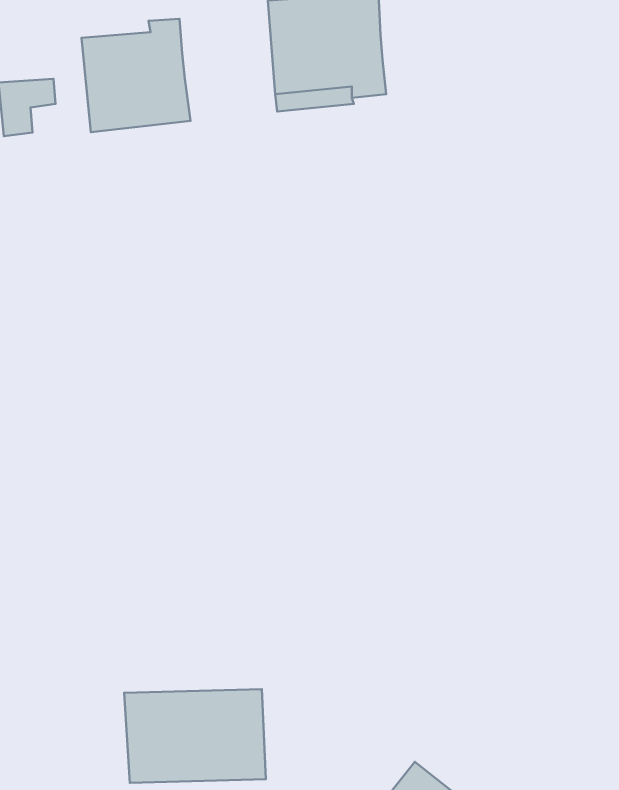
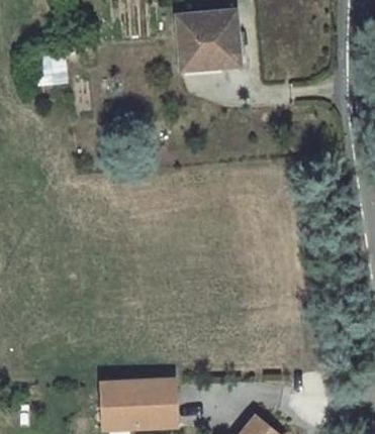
building: [81,19,191,132] -> none

